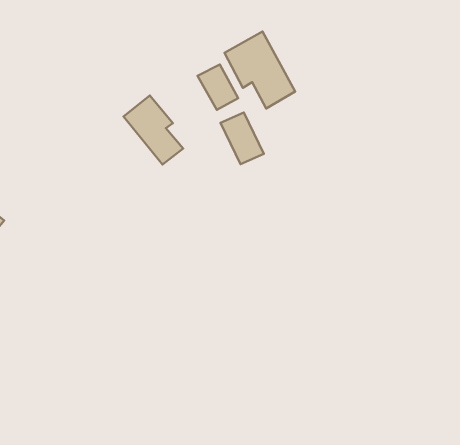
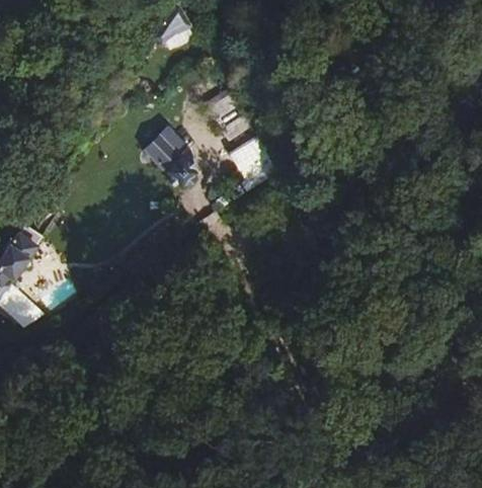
building: [224,32,295,108] -> none

